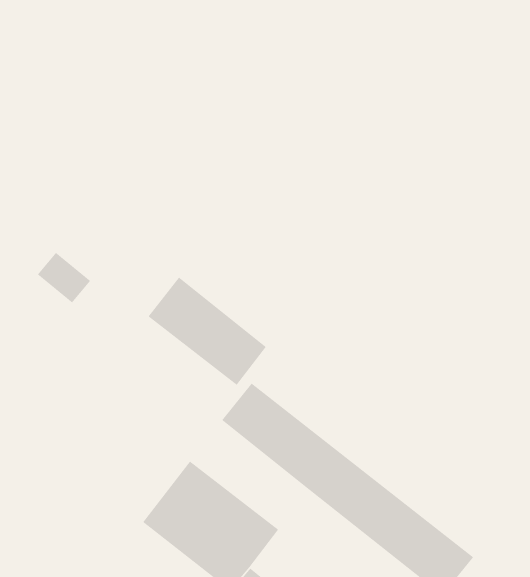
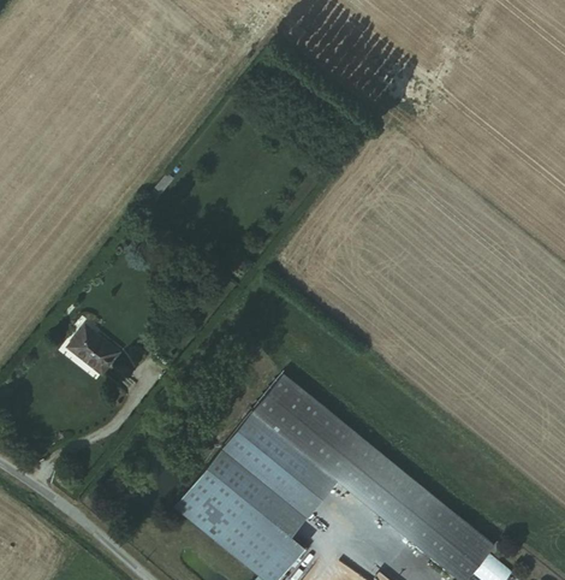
building: [37,252,91,304] -> [71,319,123,368]
building: [147,276,267,386] -> [222,413,337,517]

